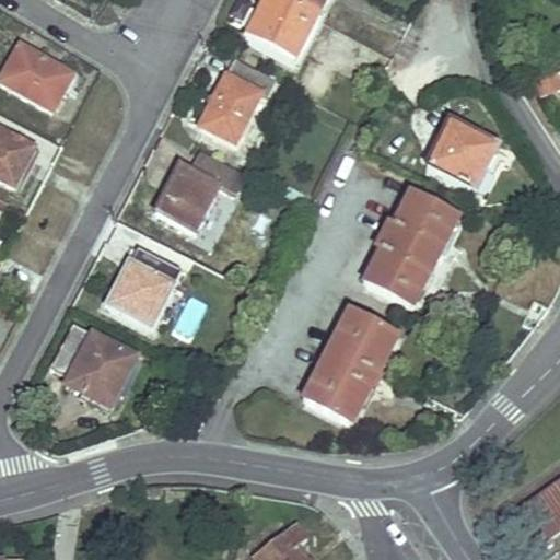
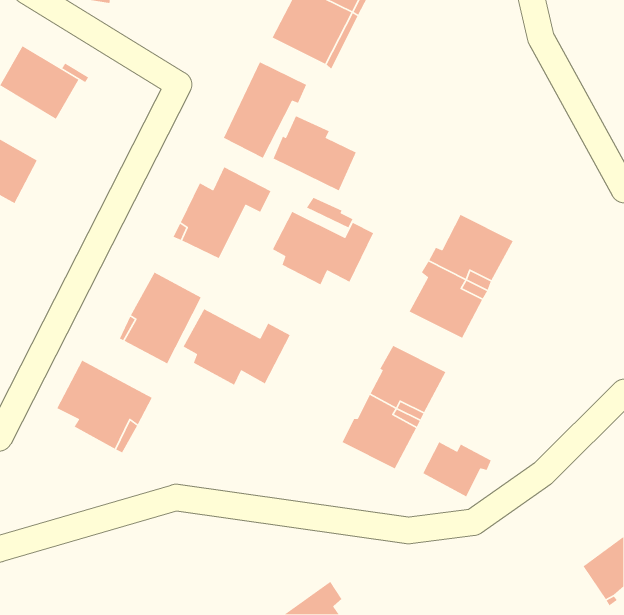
building: none -> [273,115,357,191]
building: [427,119,497,188] -> none
building: none -> [272,211,374,286]
building: none -> [183,308,291,386]
building: none -> [422,441,492,498]

